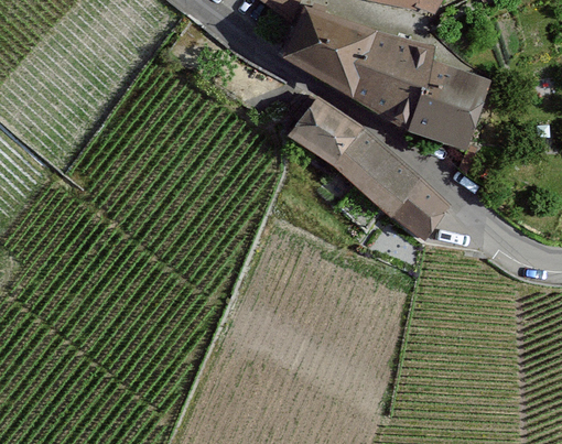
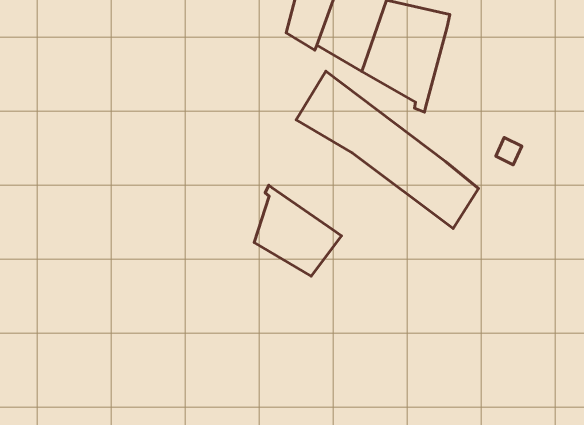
building: [407,58,489,151] -> none
building: none -> [254,185,342,276]

